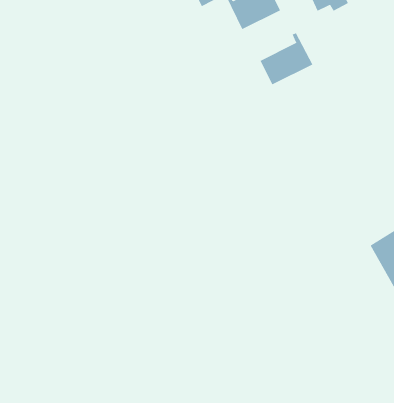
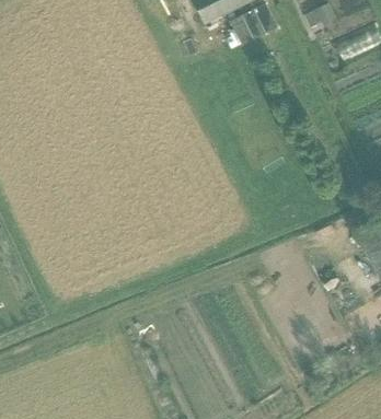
building: [260,32,313,85] -> none

